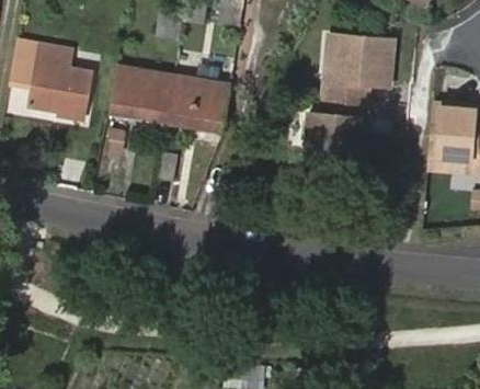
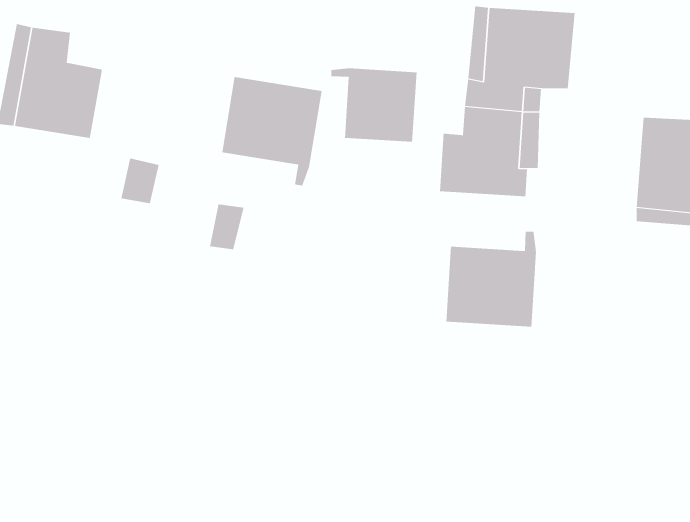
building: [112,67,175,124] -> none
building: none -> [331,68,417,143]
building: none -> [446,231,536,328]

